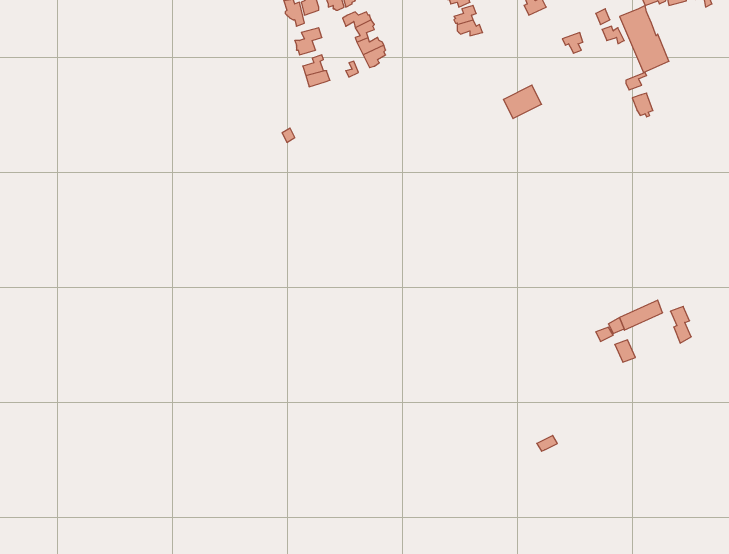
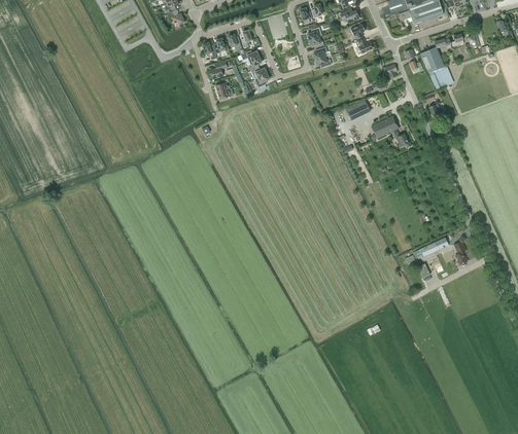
building: none -> [367,115,412,147]

